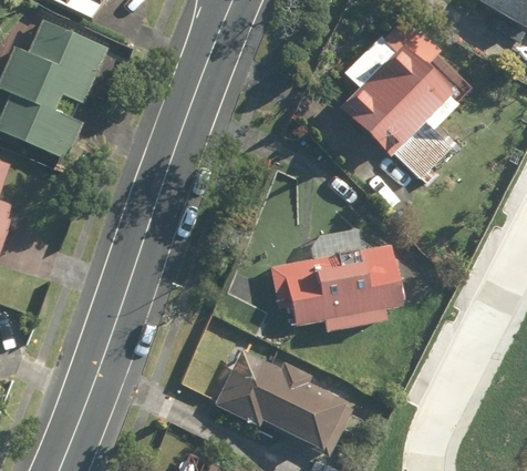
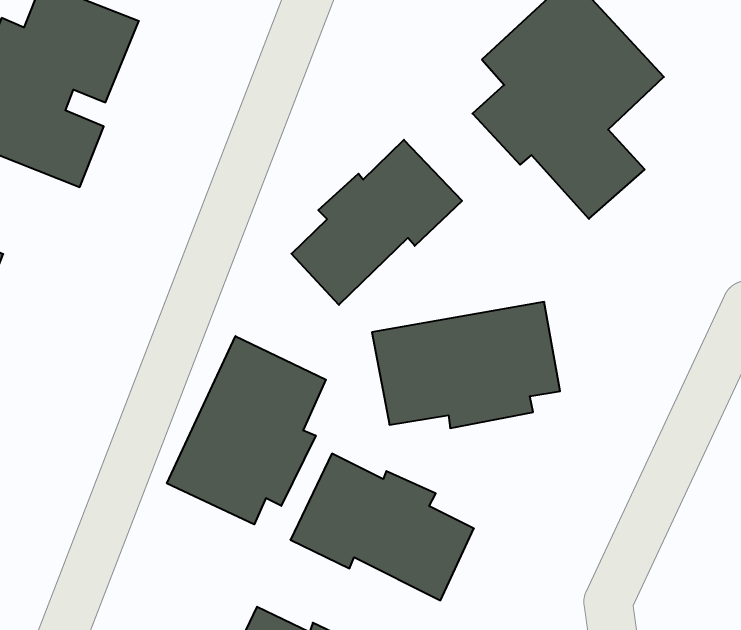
building: none -> [291,140,462,305]
building: none -> [167,336,326,524]

